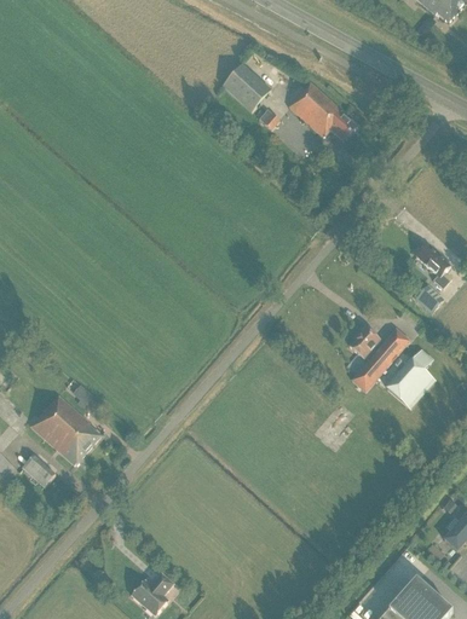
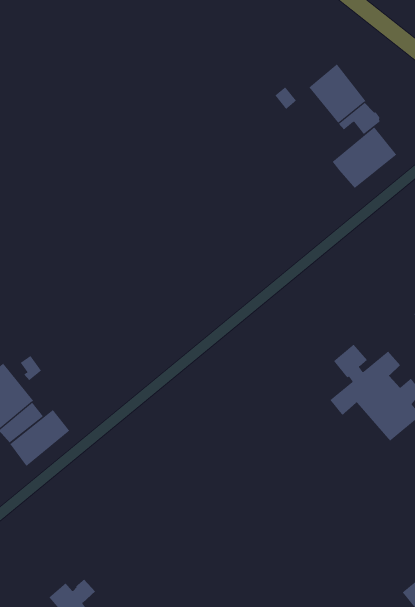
building: [221,63,270,110] -> none
building: none -> [332,126,397,189]
building: none -> [9,409,70,467]

